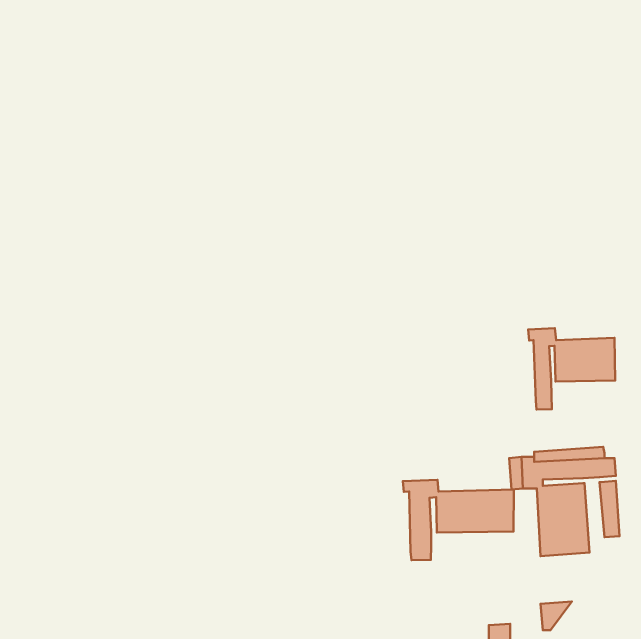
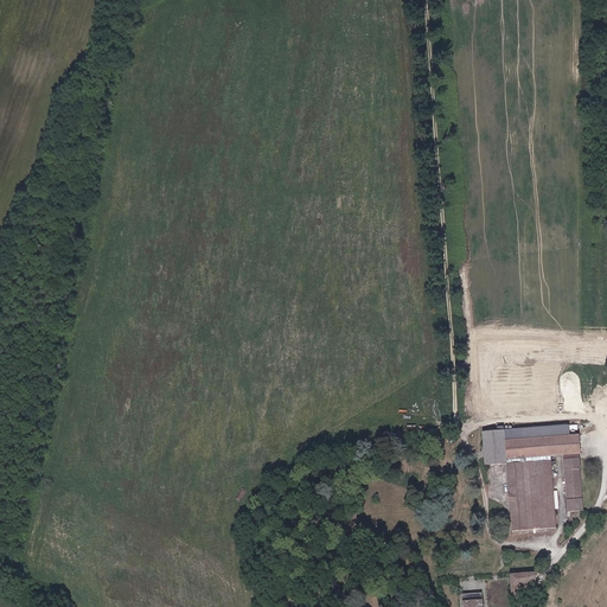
building: [528,328,615,410] -> none
building: [403,480,514,560] -> none

